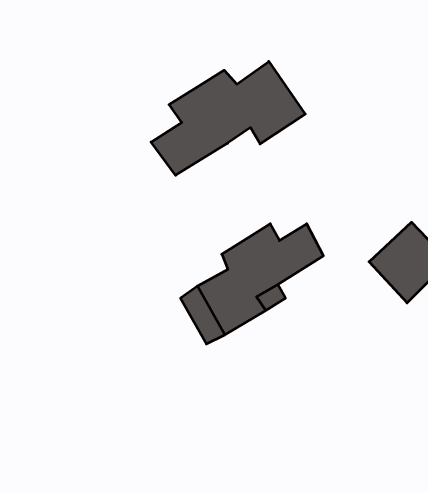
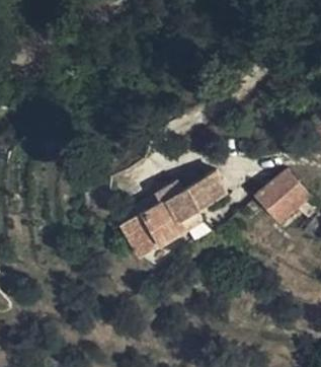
building: [151,61,305,175] -> none

